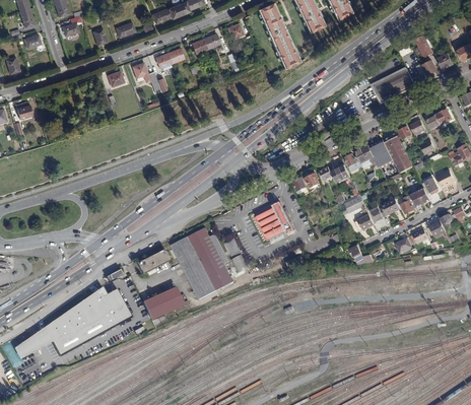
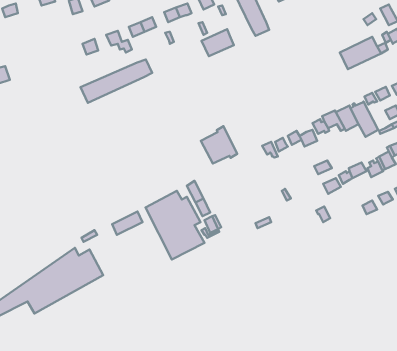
building: none -> [202,29,234,56]
building: none -> [81,59,152,103]
building: [256,201,293,240] -> [201,126,237,164]
building: [139,287,182,321] -> none

